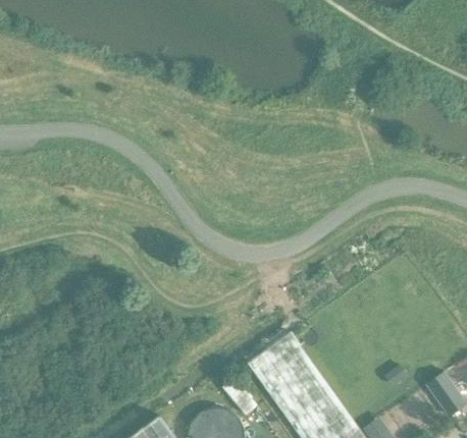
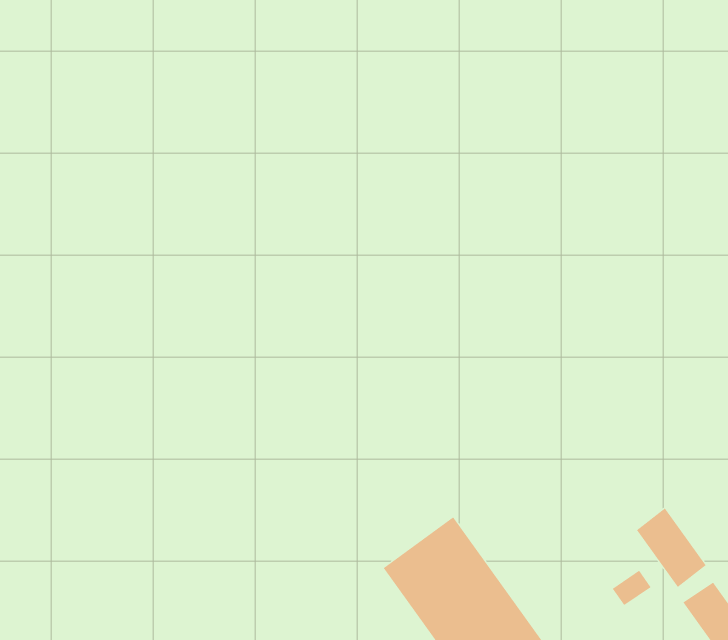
building: none -> [636,508,706,588]

